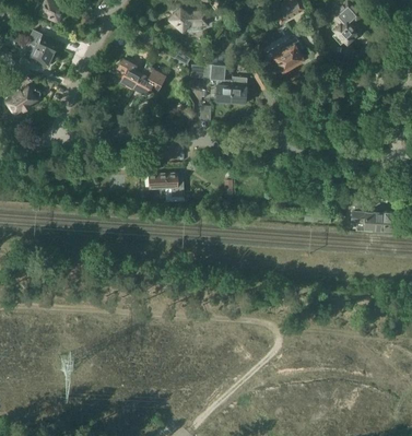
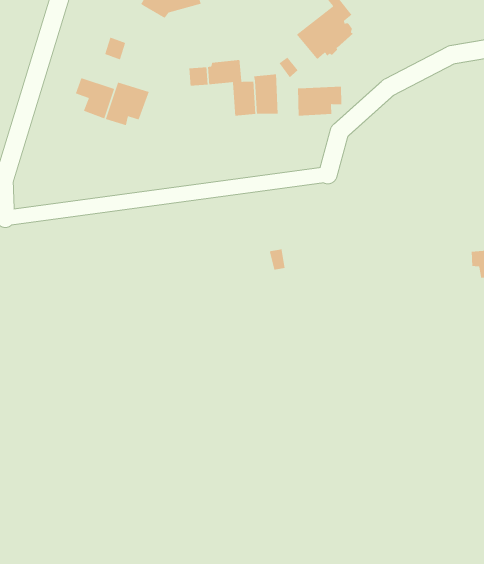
building: none -> [297,86,342,117]
building: [150,174,185,197] -> none

